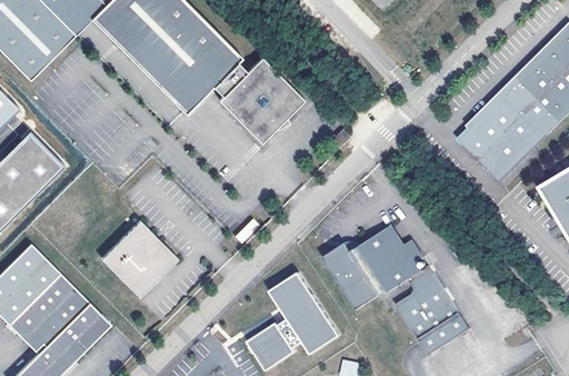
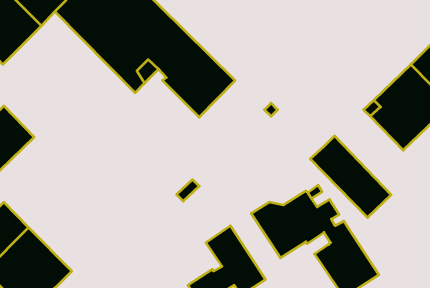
building: none -> [310,136,391,218]
building: [101,221,178,298] -> none

